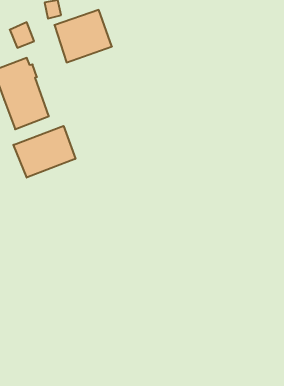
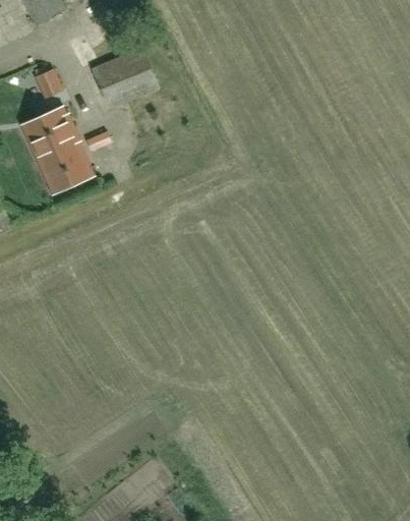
building: [13,126,75,178] -> none

